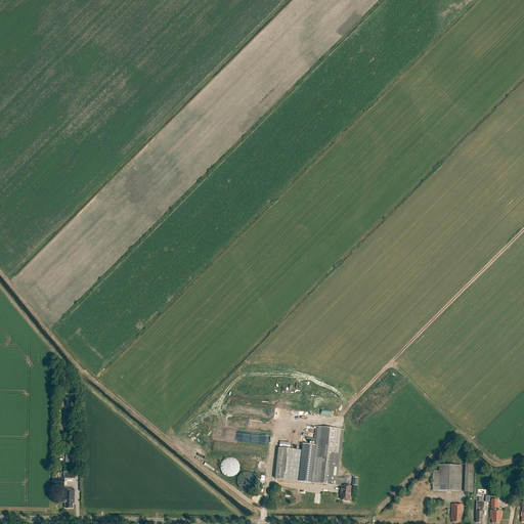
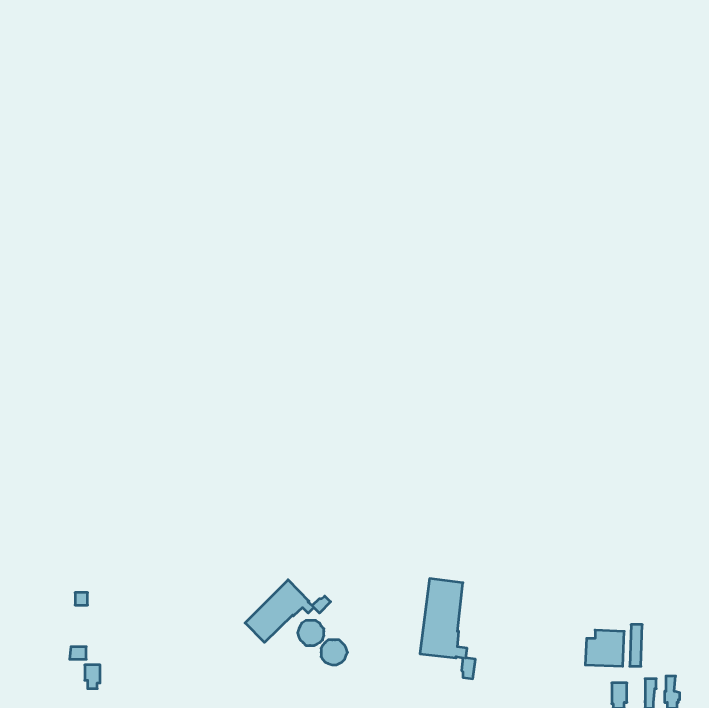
building: none -> [245,580,331,642]
building: [274,446,302,480] -> none

